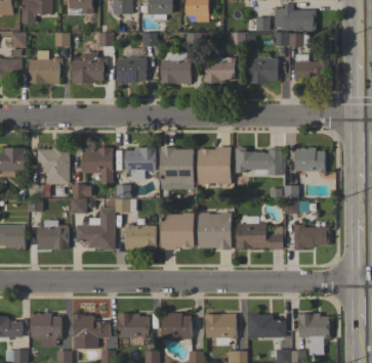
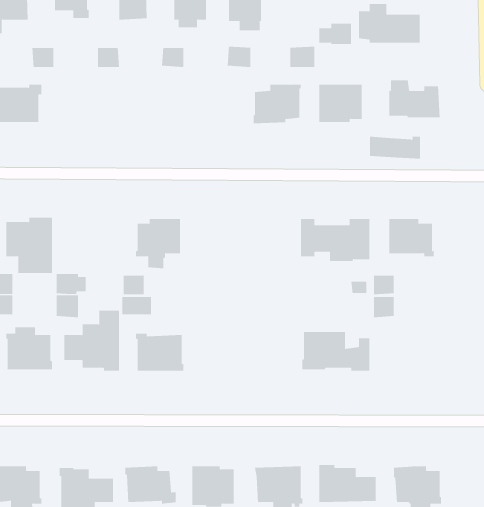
building: [274,32,308,47] -> [369,136,421,159]
building: [72,52,106,83] -> none
building: [159,52,194,84] -> none
building: [117,57,146,84] -> none
building: [198,146,231,184] -> none
building: [81,147,113,183] -> none
building: [160,147,194,189] -> none
building: [161,213,194,249] -> none
building: [198,213,232,249] -> none
building: [293,225,329,249] -> none

